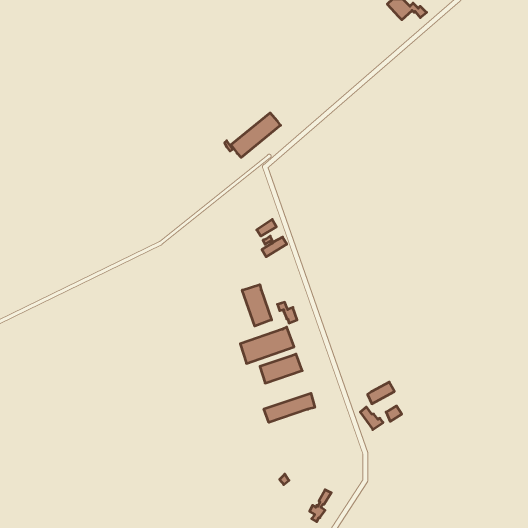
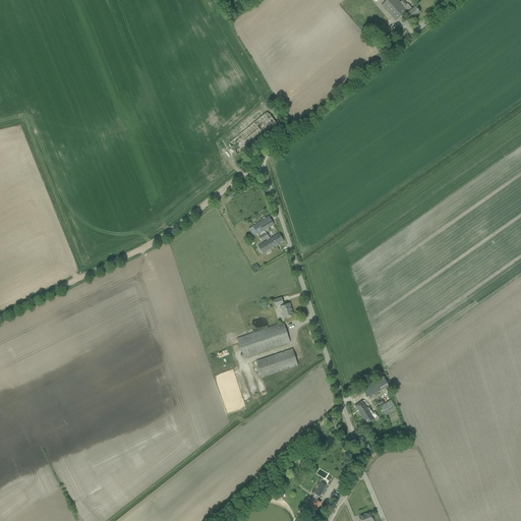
building: [242,285,272,326] -> none
building: [264,393,315,422] -> none

